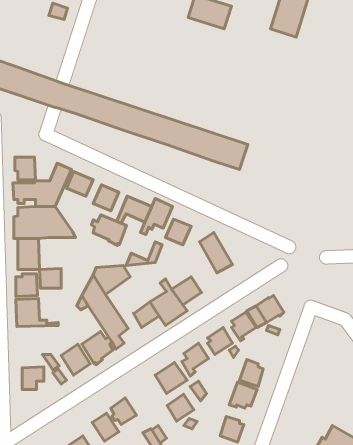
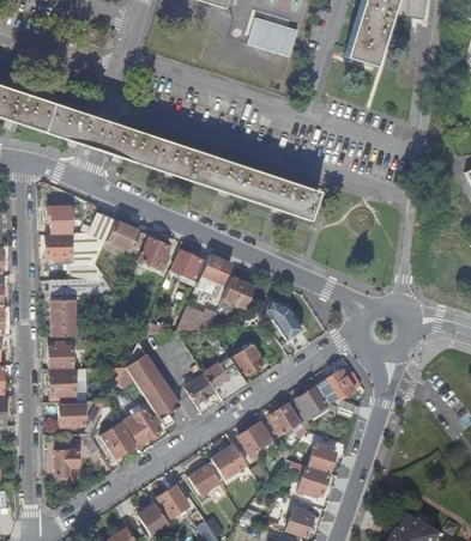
building: [91,215,127,246] -> none
building: [40,269,61,288] -> [60,402,85,425]
building: [167,394,194,421] -> [189,463,221,494]

